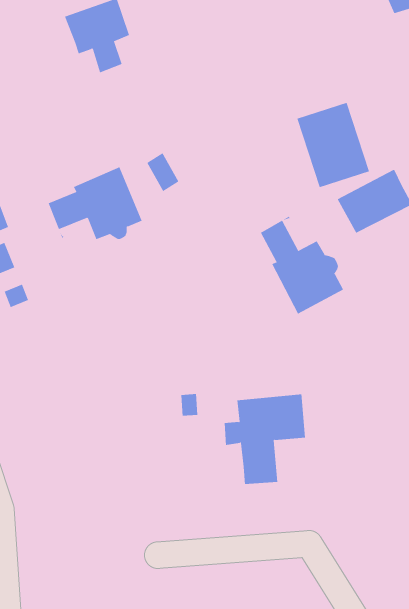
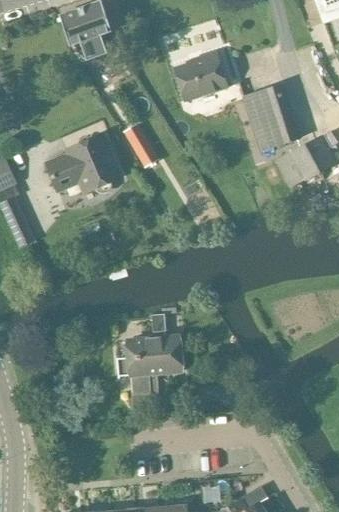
building: none -> [175,52,227,100]
building: [260,216,344,314] -> none
building: [224,394,306,485] -> [116,335,181,407]

